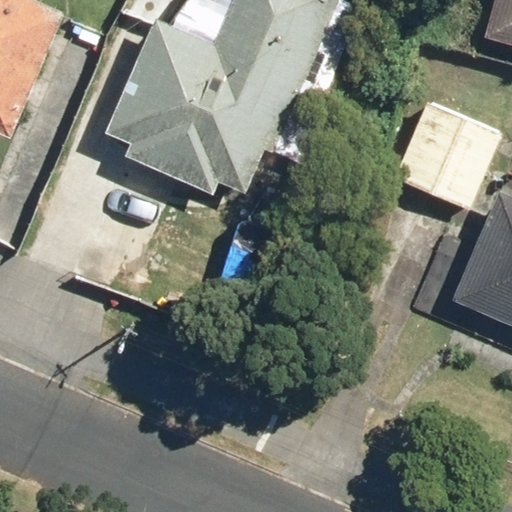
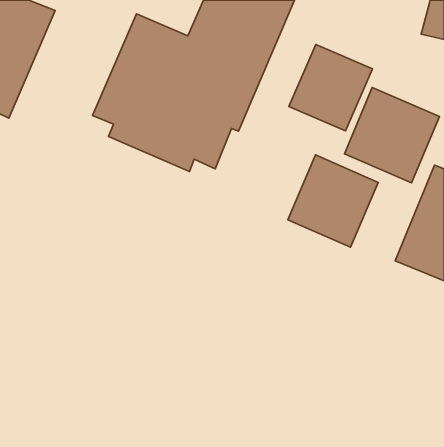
building: none -> [289,45,372,131]
building: none -> [288,155,378,247]

